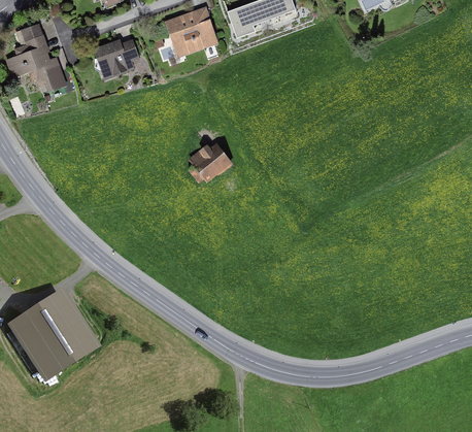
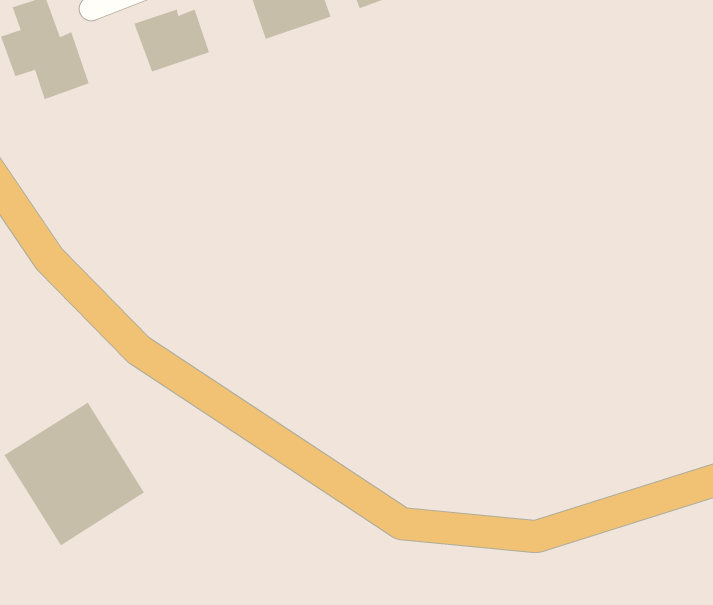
building: [190,142,232,184] -> none

